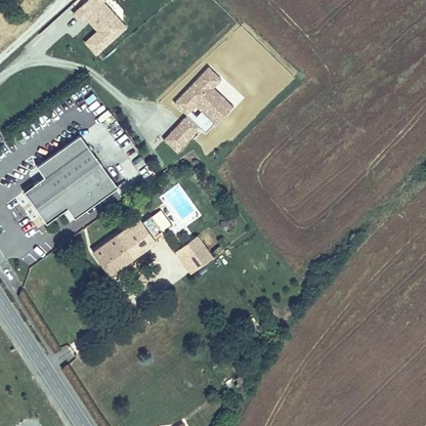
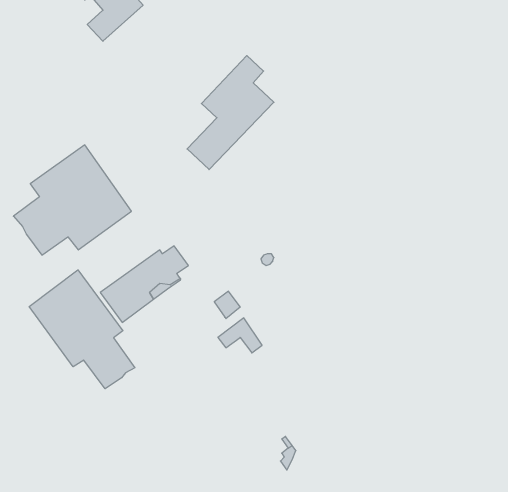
building: none -> [29,270,135,389]
building: [176,237,211,264] -> [218,318,262,353]

